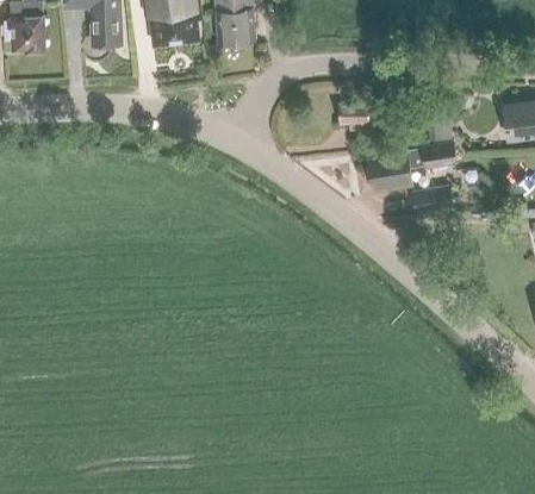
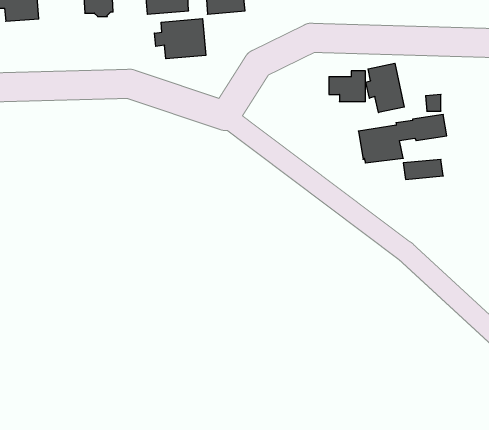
building: none -> [154,19,206,59]
building: none -> [366,63,404,113]

